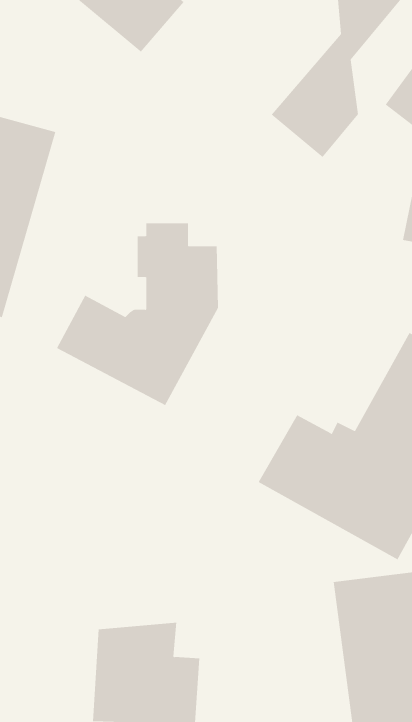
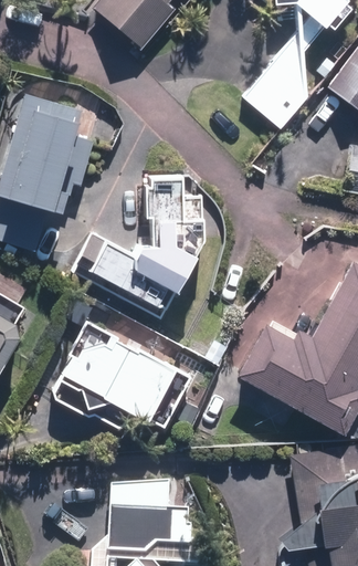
building: none -> [60,342,171,426]

